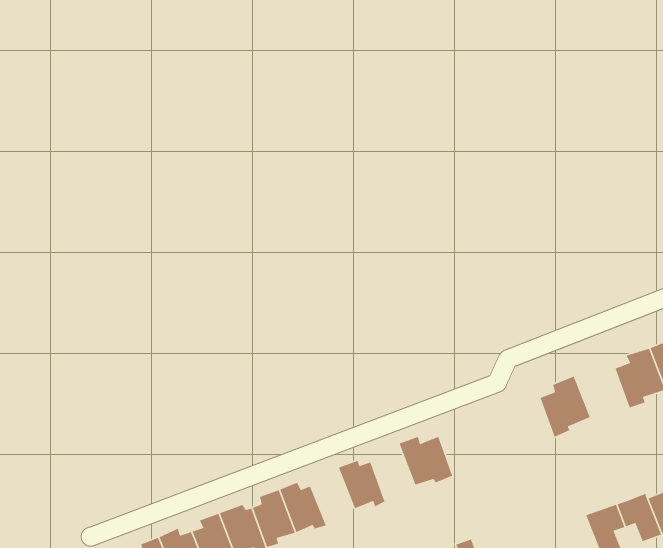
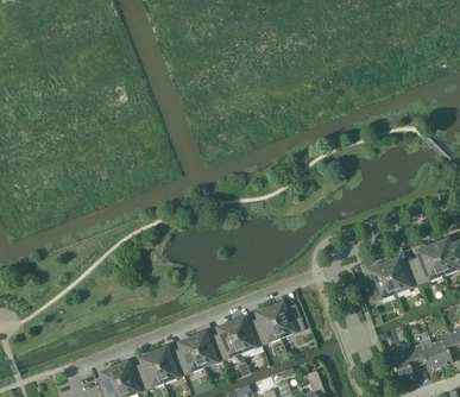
building: none -> [384,257,420,290]
building: none -> [252,307,281,345]
building: none -> [213,322,241,360]

